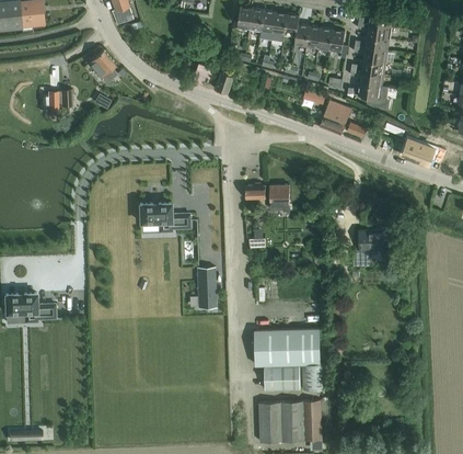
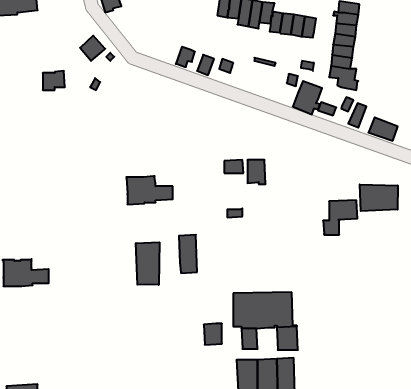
building: none -> [360,184,398,211]
building: none -> [136,242,159,285]
building: [280,367,300,390] -> [204,324,222,345]

